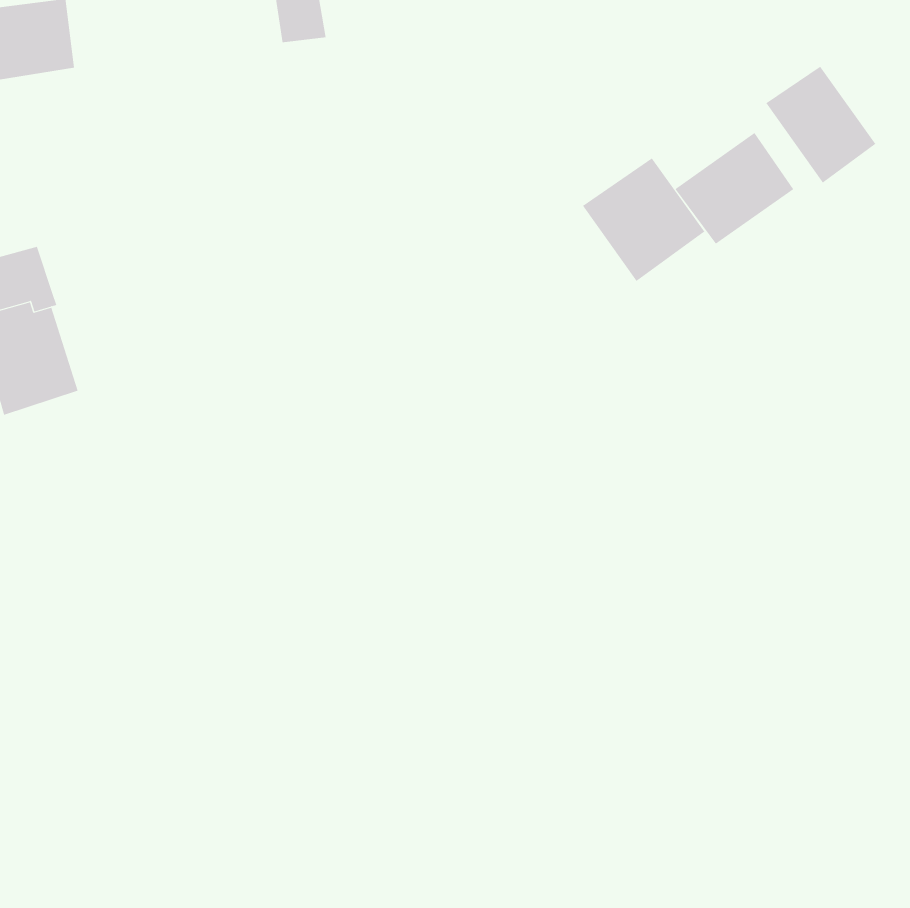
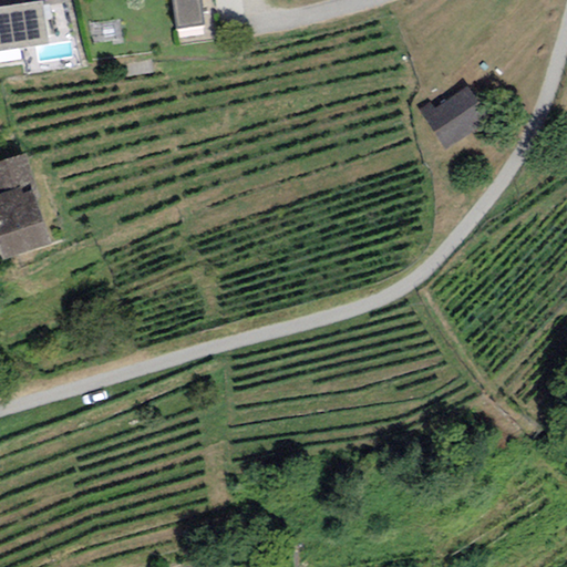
building: [766,66,876,183] -> none
building: [582,158,705,282] -> none

